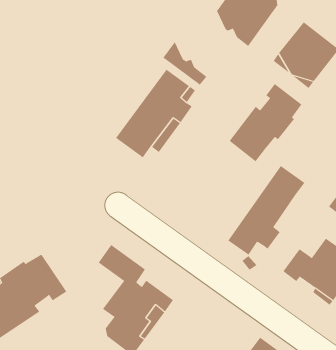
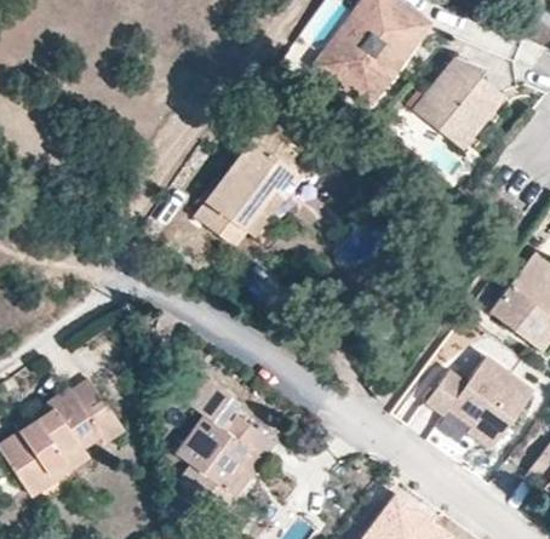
building: [163,41,207,86] -> [317,41,379,103]
building: [229,83,302,162] -> none
building: [228,165,305,255] -> none

